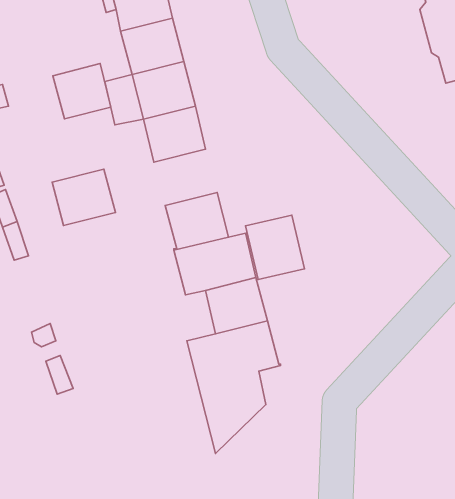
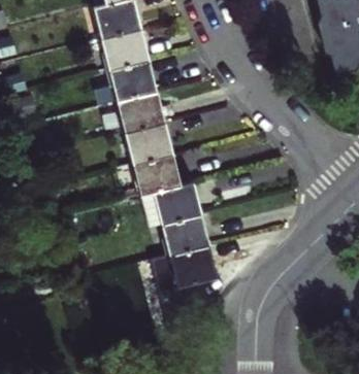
building: [53,63,111,119] -> none
building: [52,169,115,225] -> [127,121,172,161]
building: [246,215,305,279] -> none

